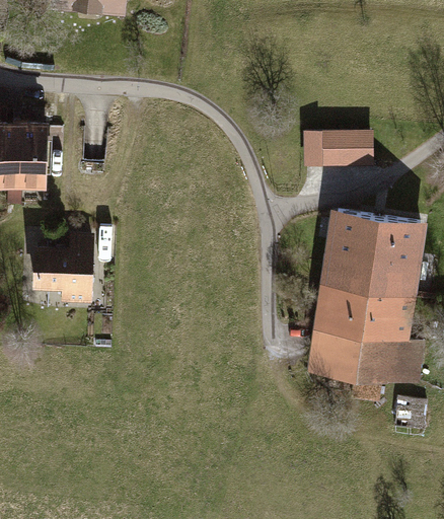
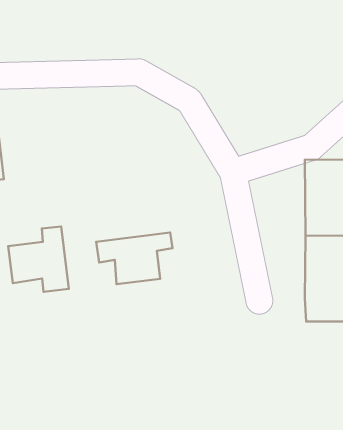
building: [307,135,370,164] -> none
building: none -> [96,233,173,284]

